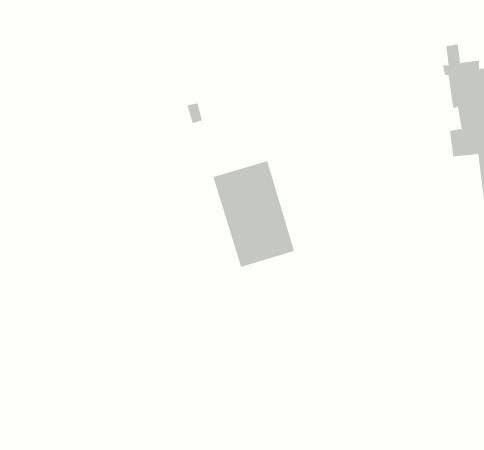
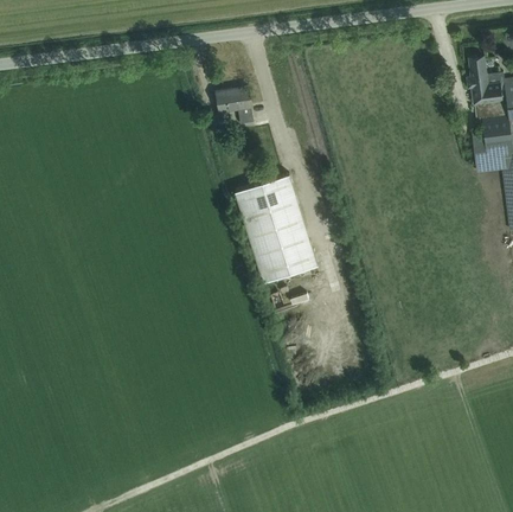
building: none -> [216,88,254,122]

